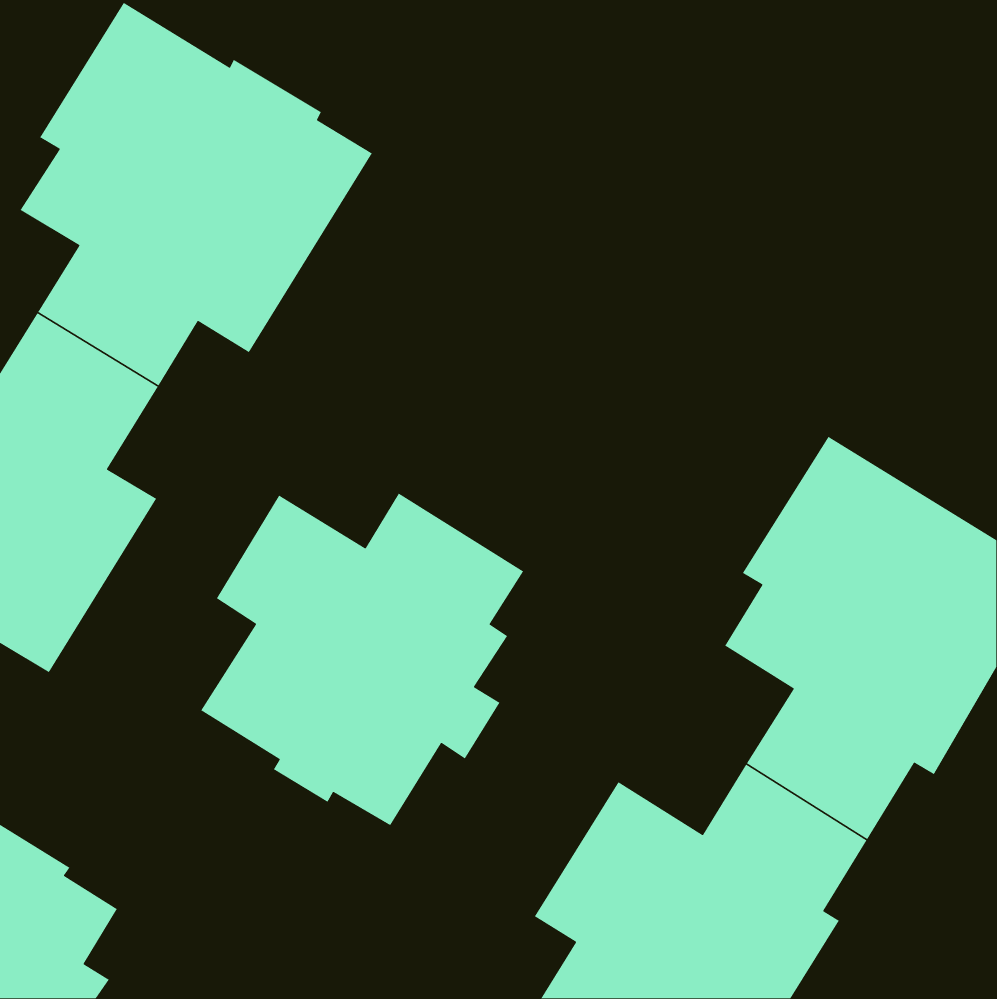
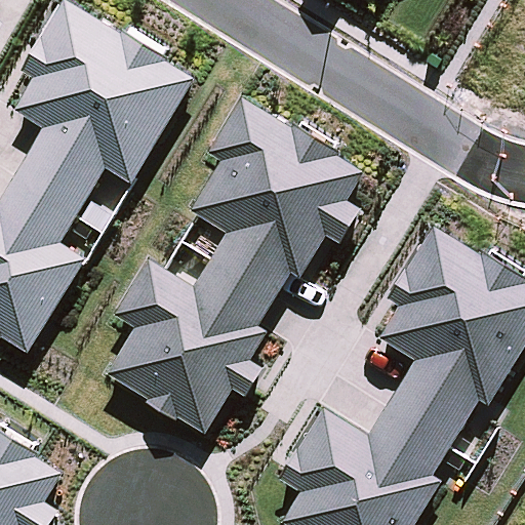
building: none -> [189,97,363,298]

